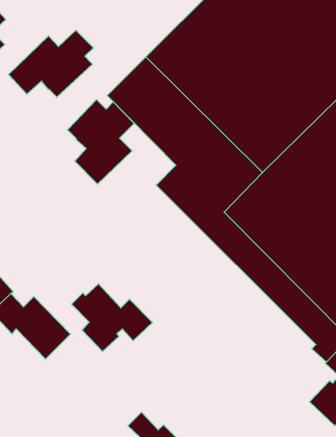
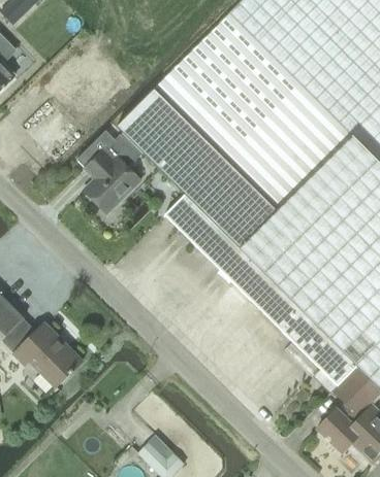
building: [9,30,94,97] -> none
building: [72,284,153,352] -> none

